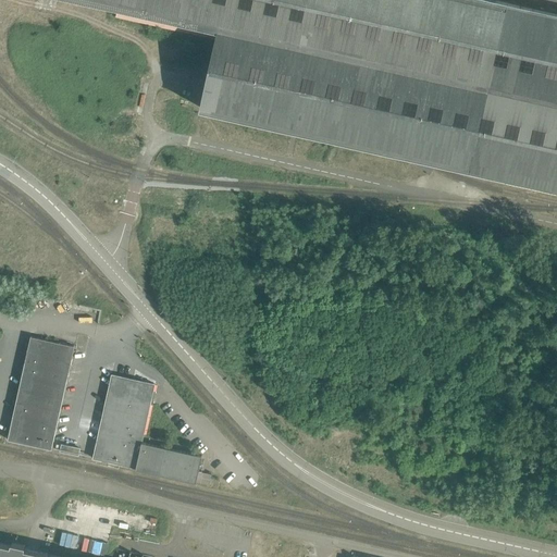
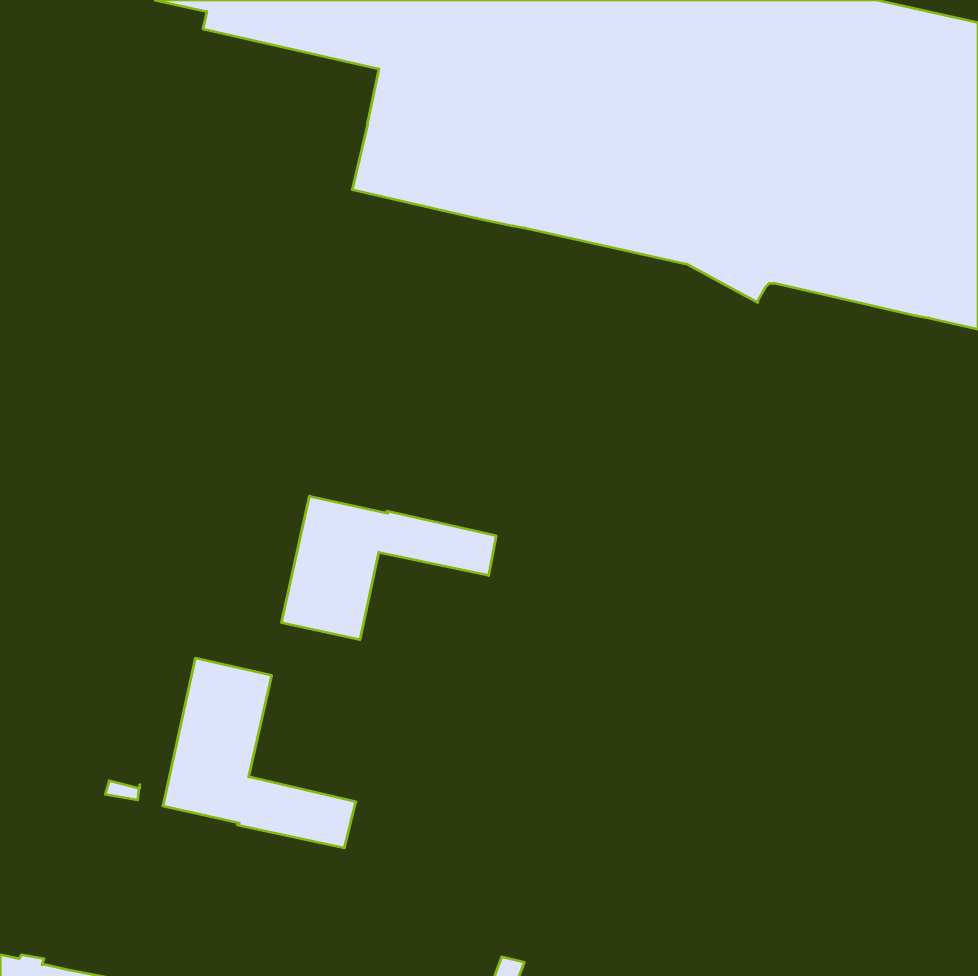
building: none -> [282,496,496,640]
building: [8,337,74,449] -> none

